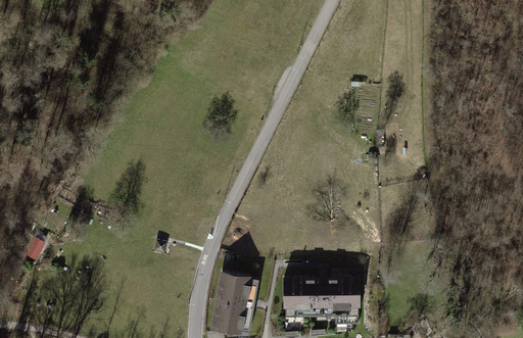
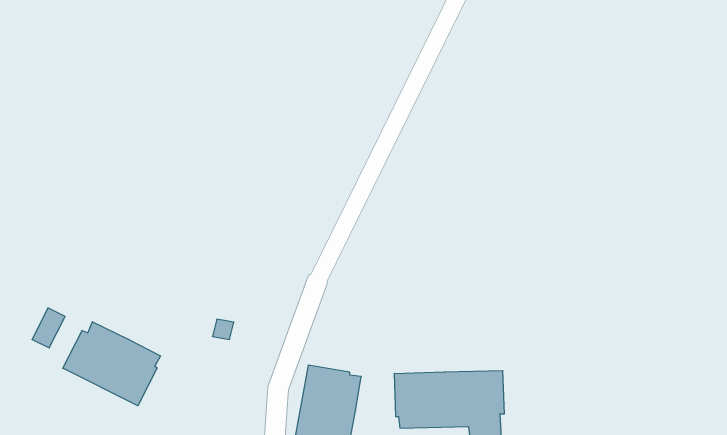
building: none -> [63,322,161,406]

